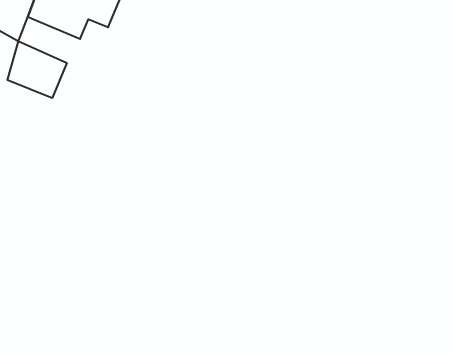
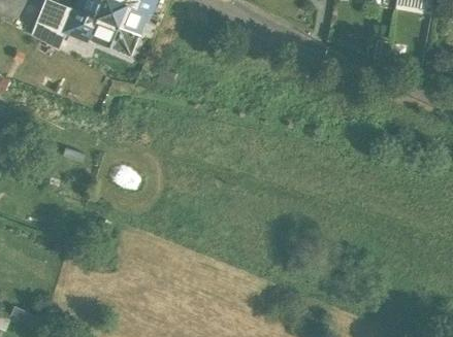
building: [7,41,67,98] -> none

